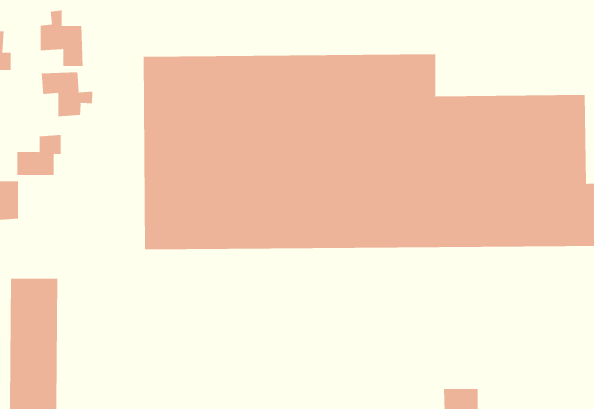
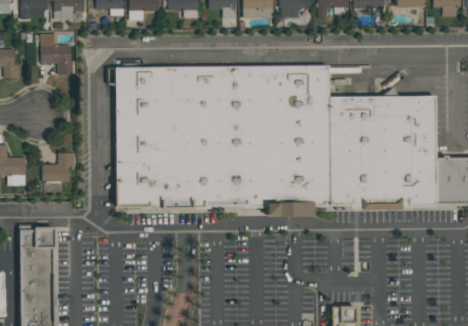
building: [41,71,93,117] -> none
building: [16,135,62,176] -> [42,152,74,181]

